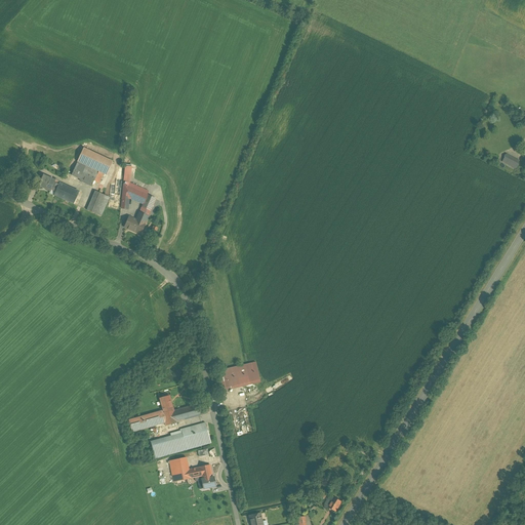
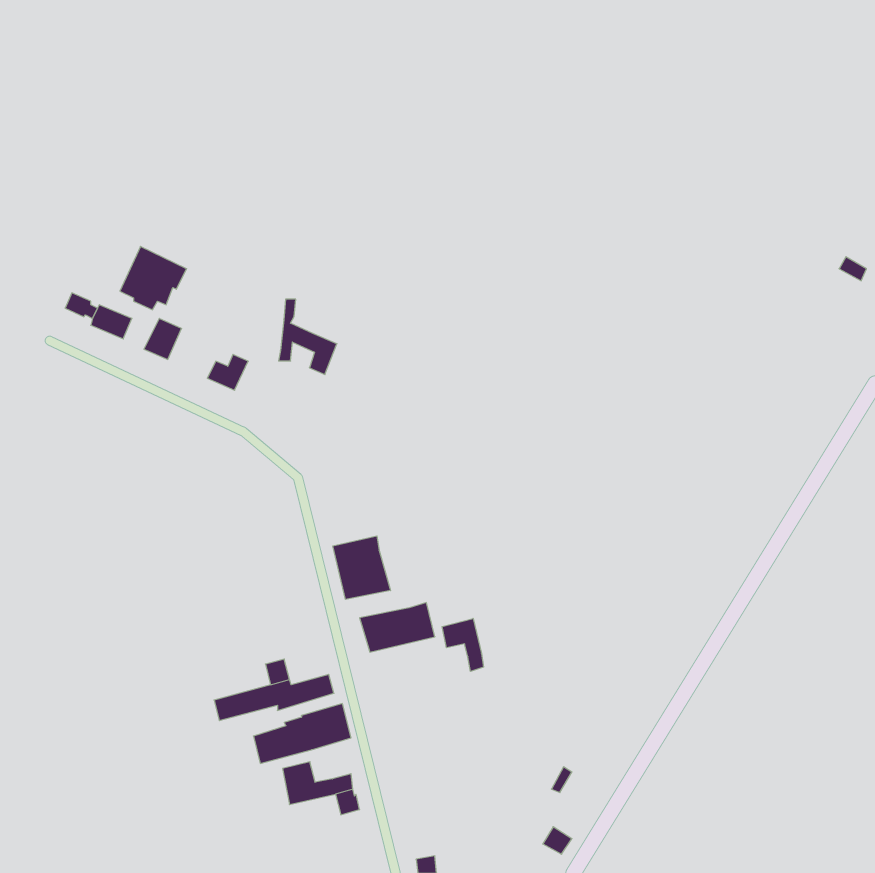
building: [121,171,156,216] -> [279,299,337,375]
building: none -> [333,536,390,599]
building: none -> [442,618,483,671]

